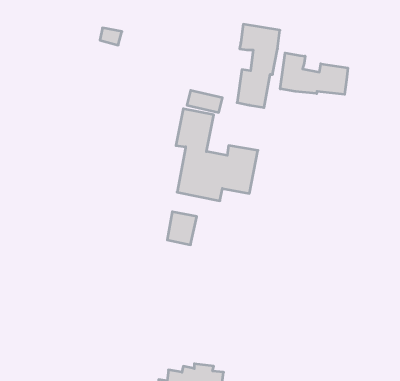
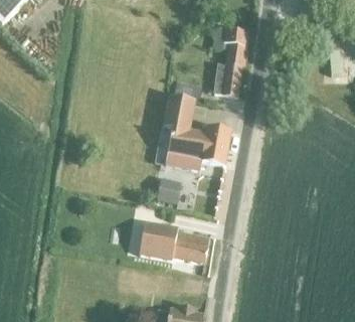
building: [280,53,348,94] -> none
building: none -> [137,221,207,262]

